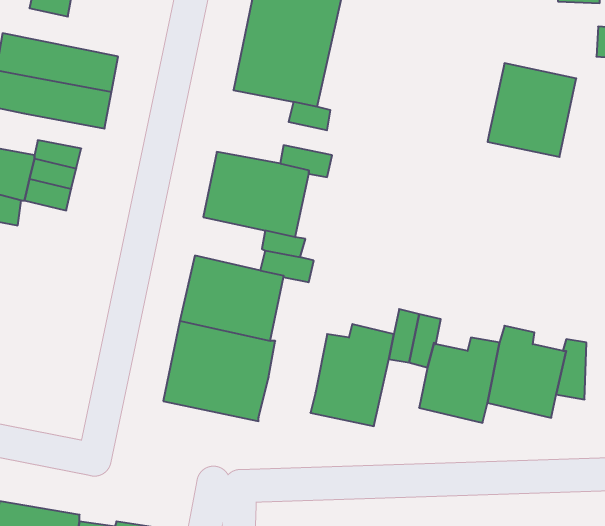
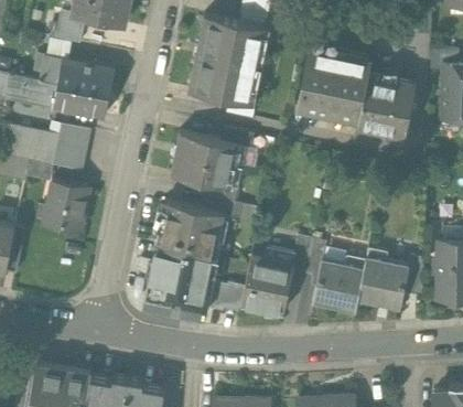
building: none -> [299,50,372,121]
building: none -> [43,181,89,231]
building: none -> [207,282,245,312]

